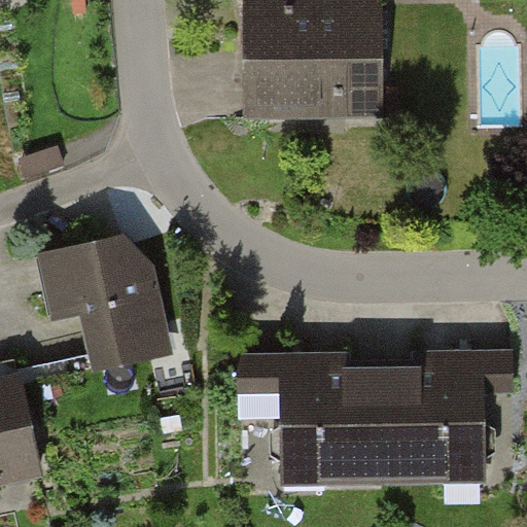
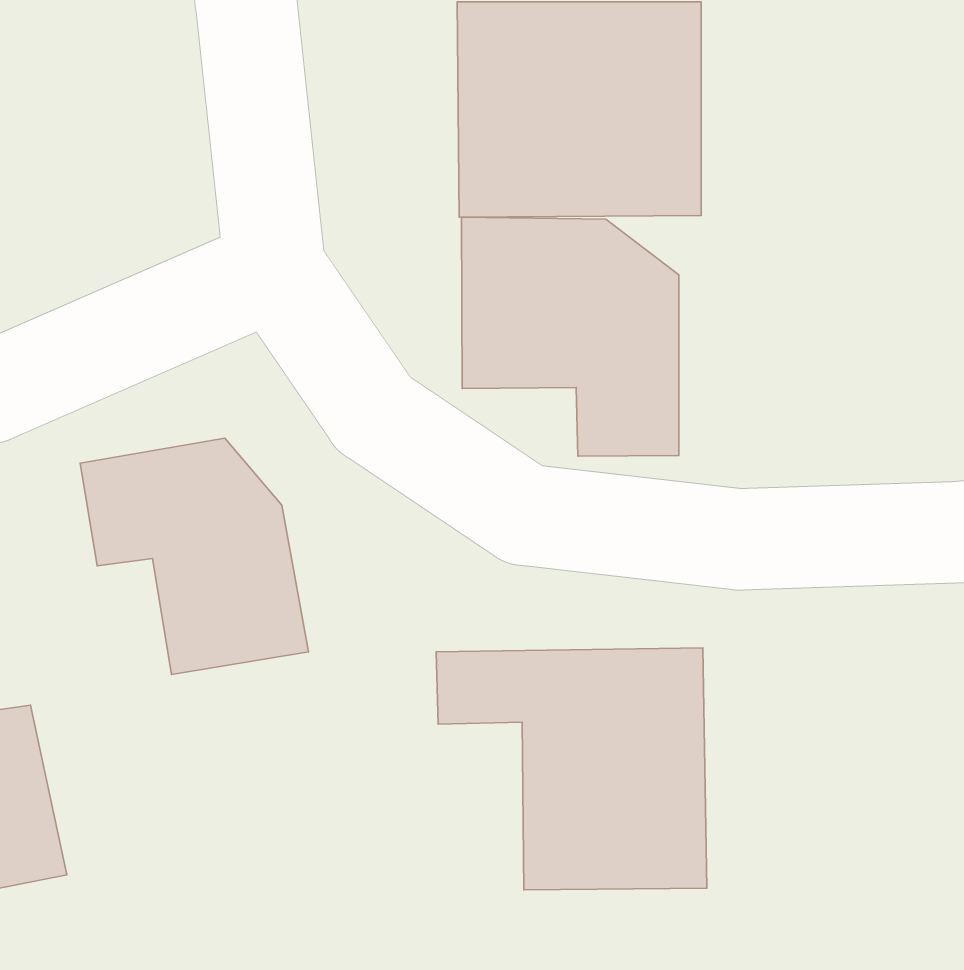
building: none -> [462,217,679,456]
building: [380,351,514,482] -> none

